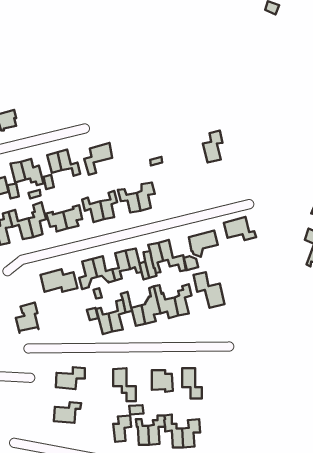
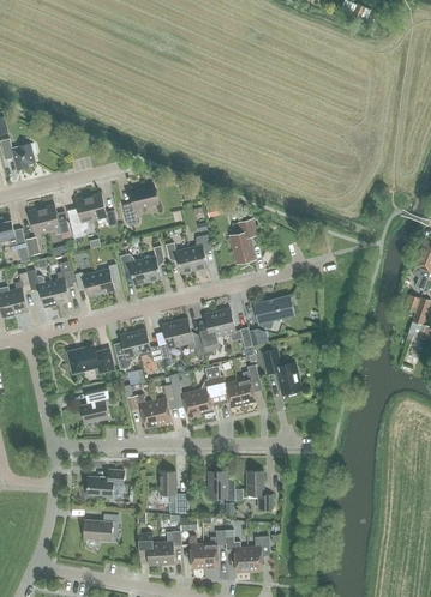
building: [203,130,223,162] -> [229,219,255,260]
building: [224,217,256,240] -> none
building: [16,303,39,333] -> [79,387,108,426]
building: none -> [137,533,161,566]

